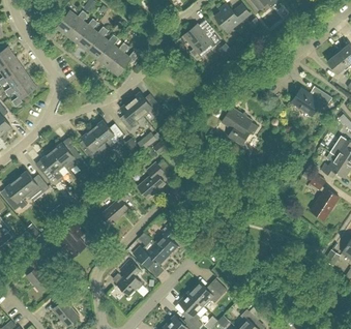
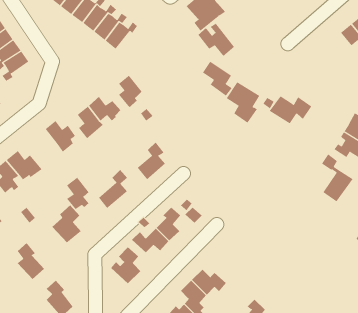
building: none -> [198,23,235,57]
building: none -> [202,61,233,96]
building: [291,88,331,115] -> [269,95,312,124]
building: [129,92,159,116] -> none
building: [40,151,62,182] -> [66,177,90,210]

